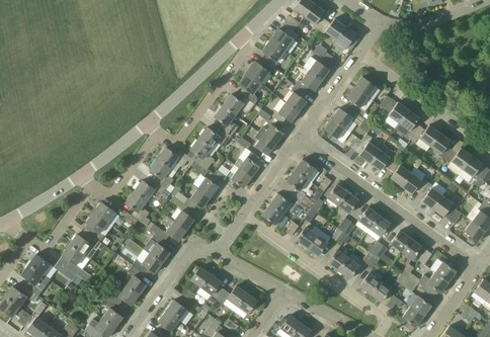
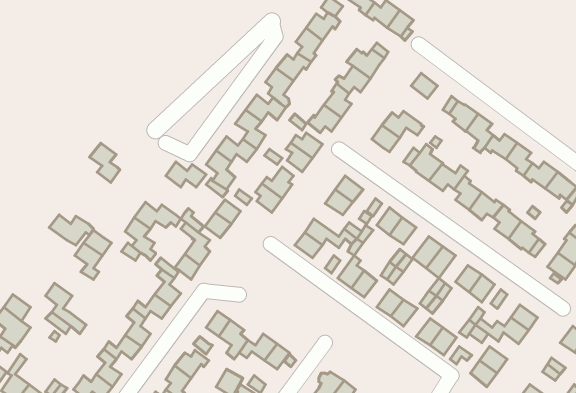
building: [346,87,373,117] -> none
building: [149,159,173,190] -> [89,143,120,182]
building: [69,235,104,259] -> [49,215,93,245]

